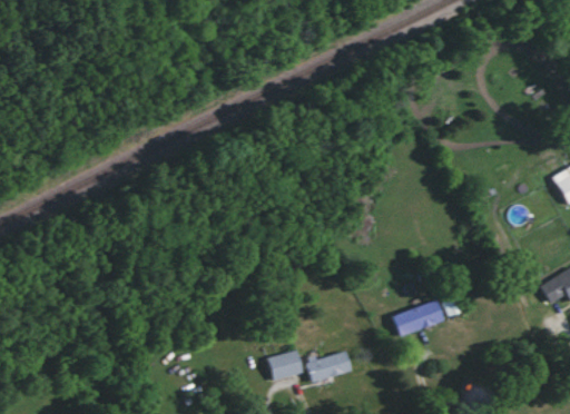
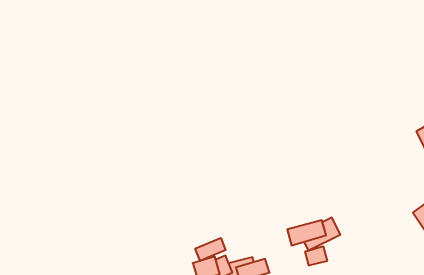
building: none -> [195,238,226,261]
building: none -> [305,246,327,266]

